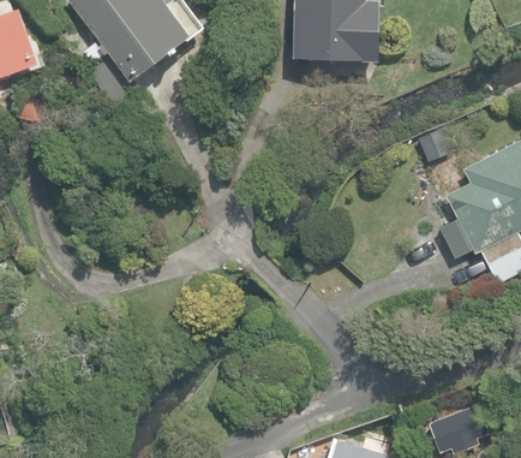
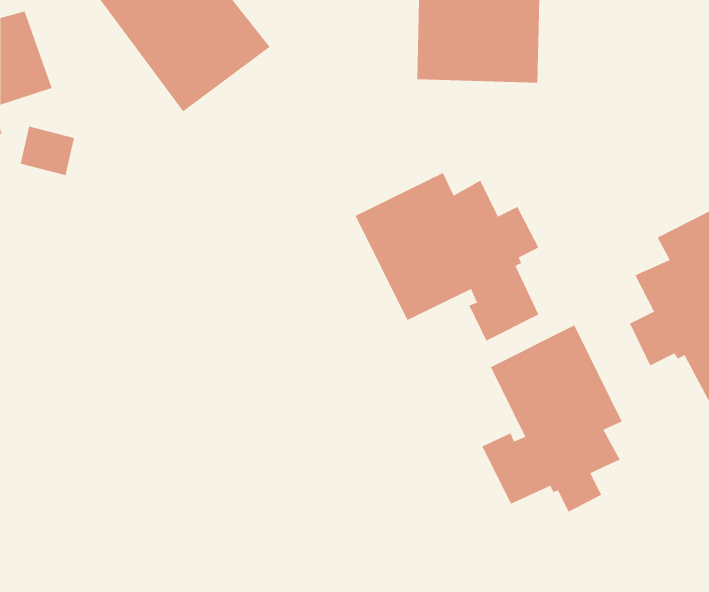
building: none -> [355,172,539,341]
building: none -> [482,325,623,513]

